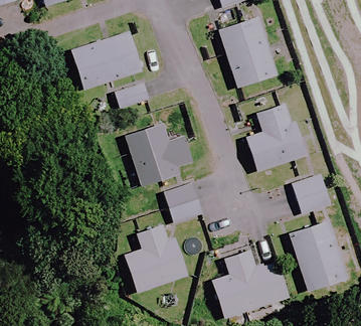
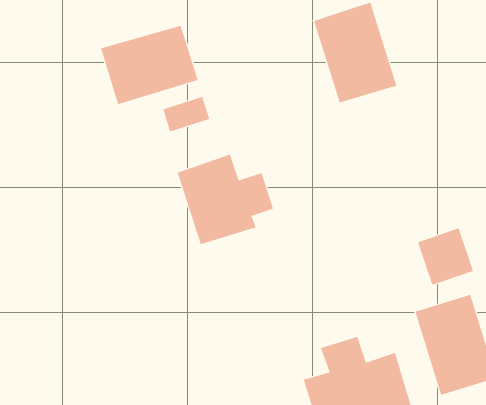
building: [245,103,307,171] -> none
building: [163,181,203,222] -> none
building: [124,220,187,293] -> none

